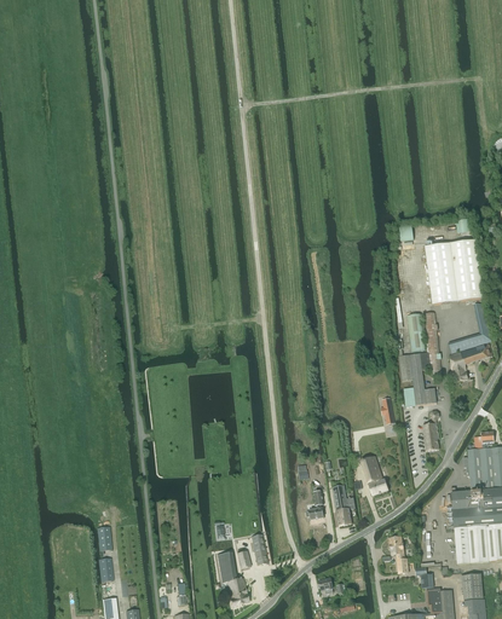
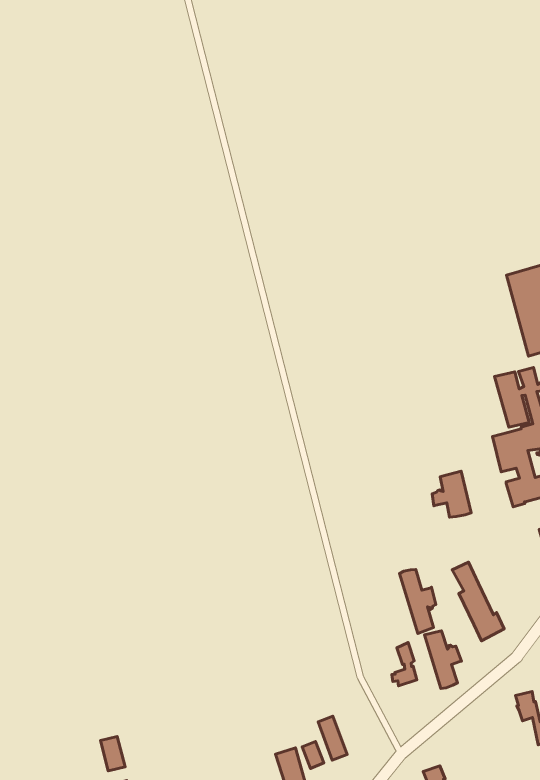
building: none -> [432,471,471,517]
building: none -> [399,569,436,633]

